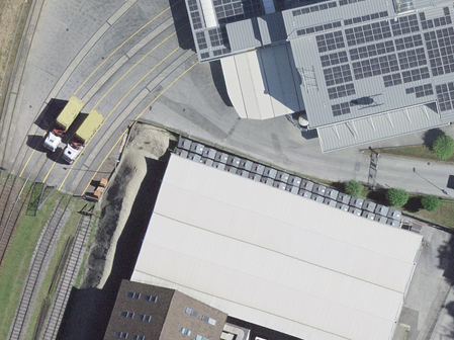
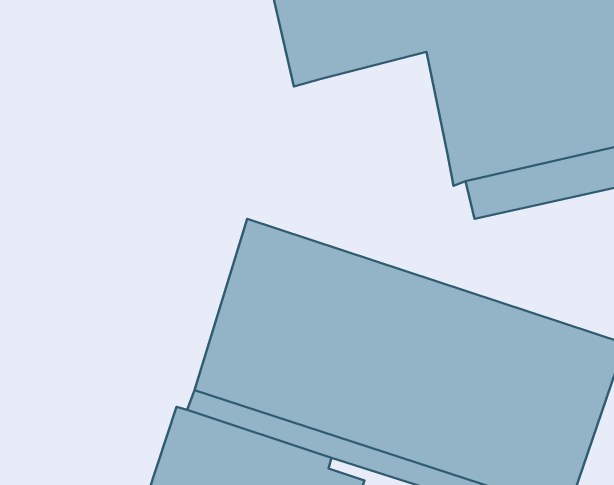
building: [220,40,305,119] -> none

